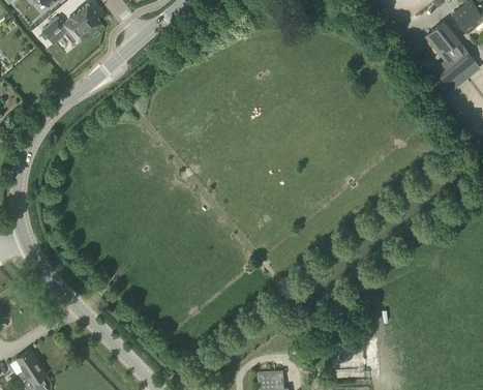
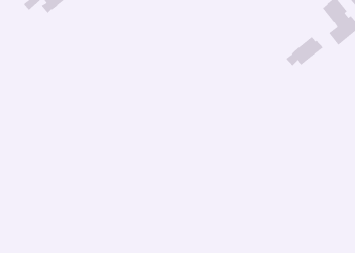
building: none -> [285,36,324,66]

